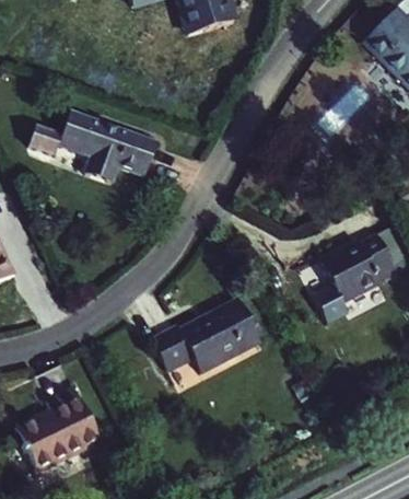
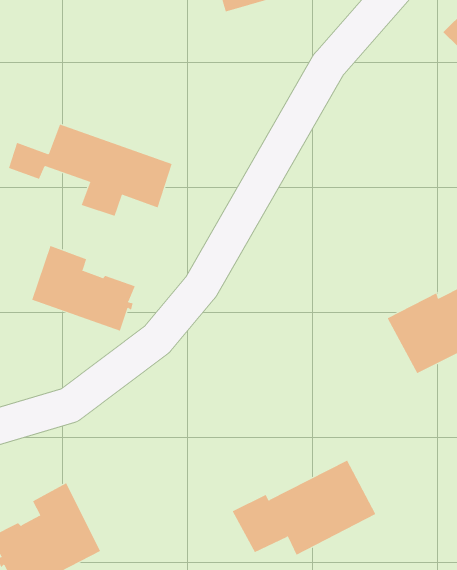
building: none -> [32,245,135,331]
building: [151,299,261,372] -> [232,460,376,556]

